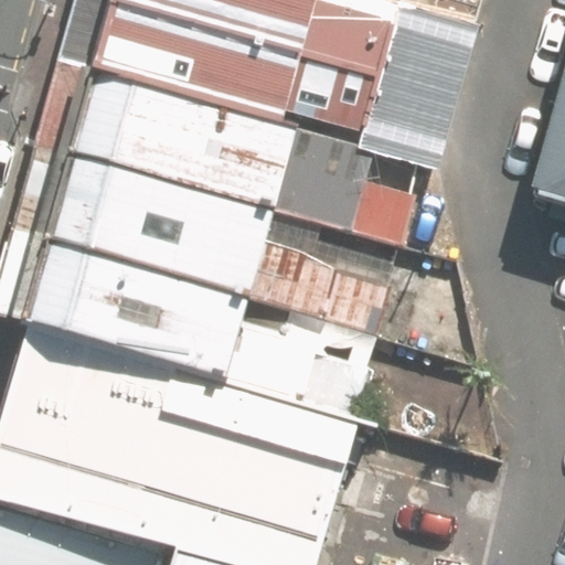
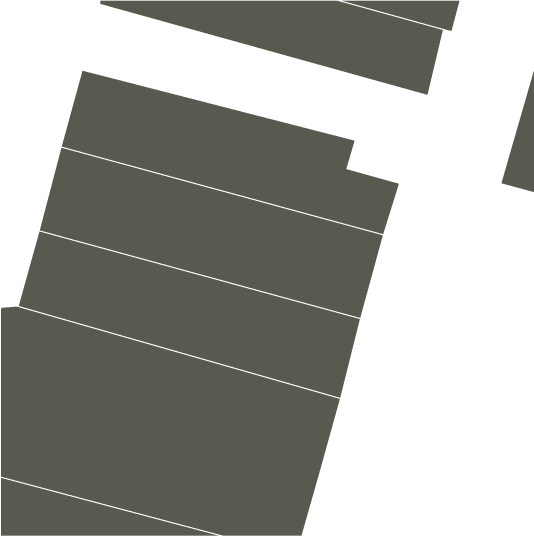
building: [88,4,452,163] -> none

